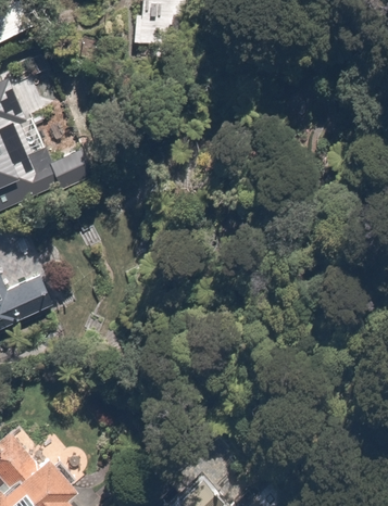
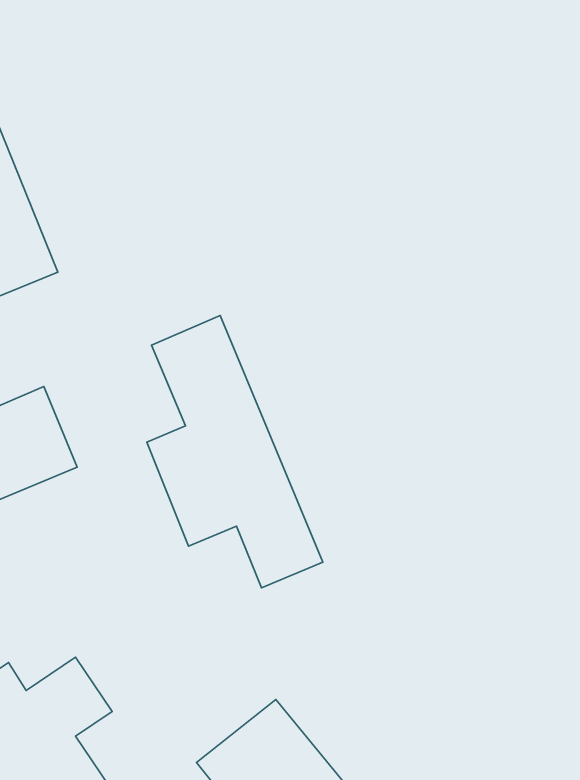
building: none -> [147,316,323,588]

